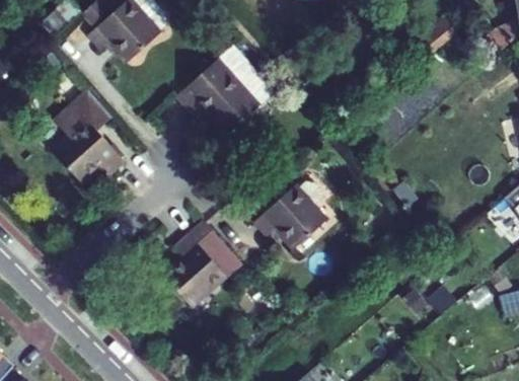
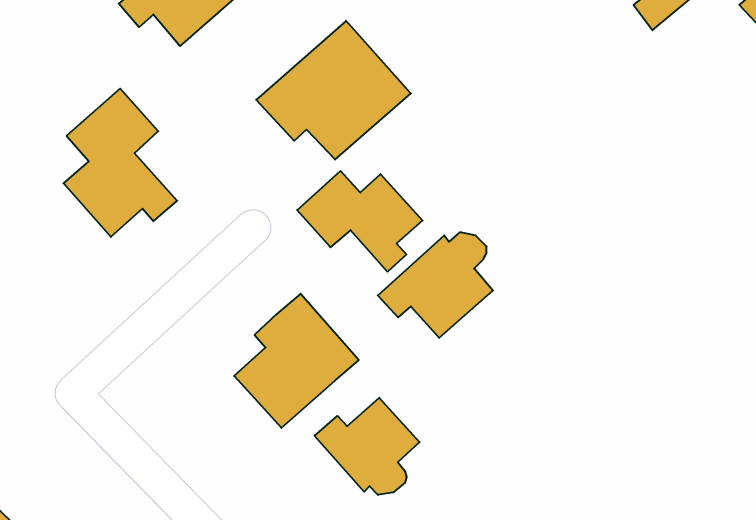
building: none -> [297,171,423,272]
building: none -> [315,398,420,495]

